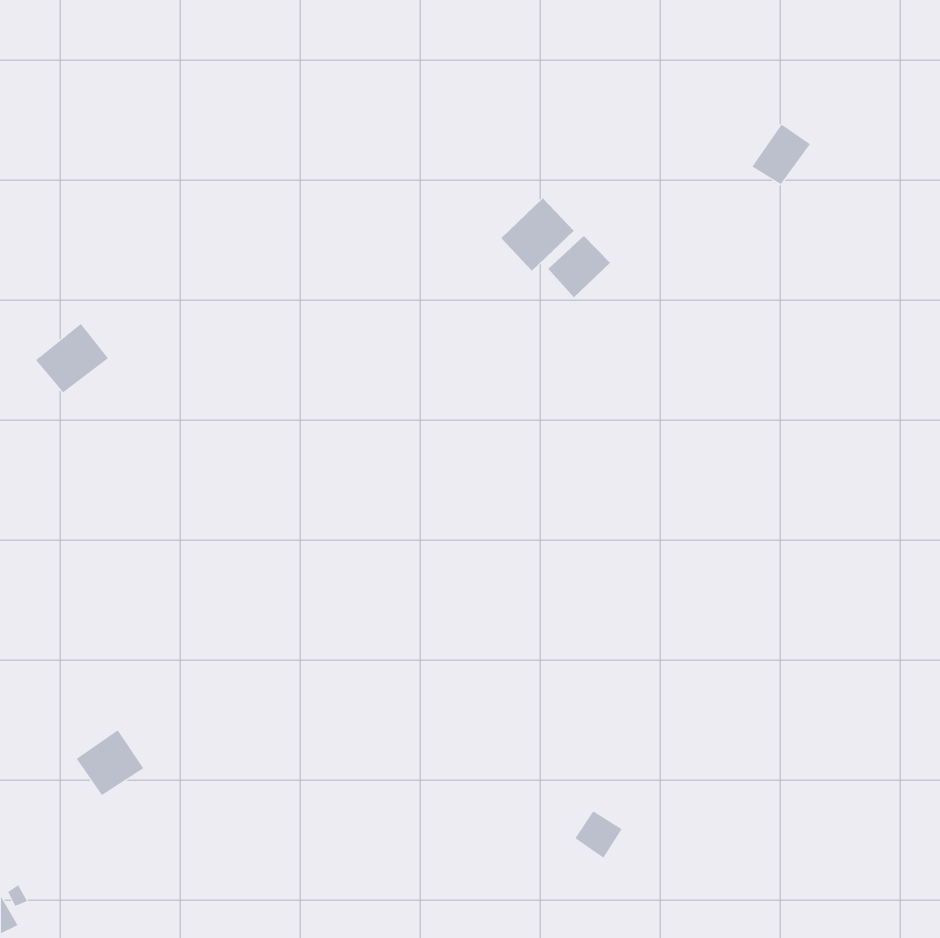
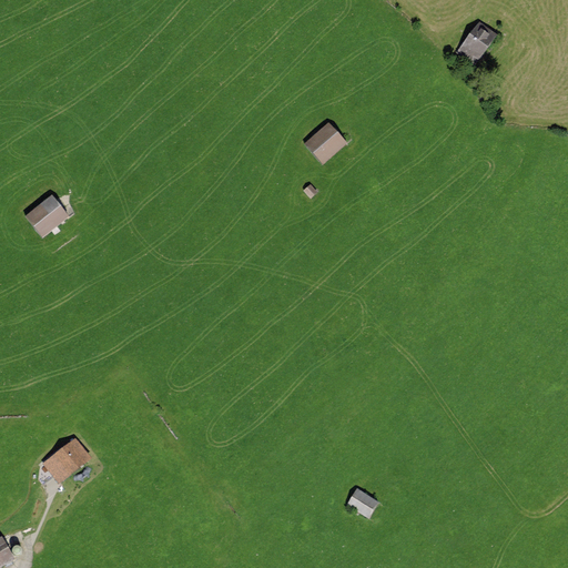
building: [752,124,811,185] -> [457,28,493,64]
building: [547,235,611,298] -> none

